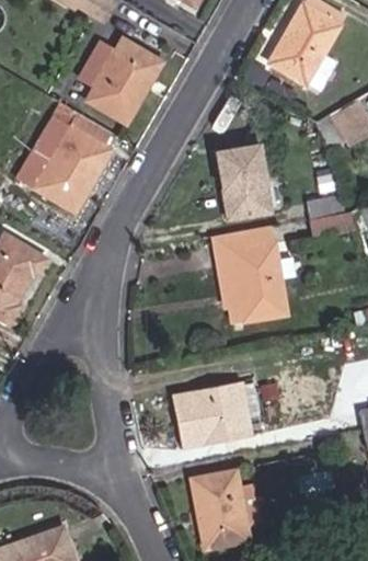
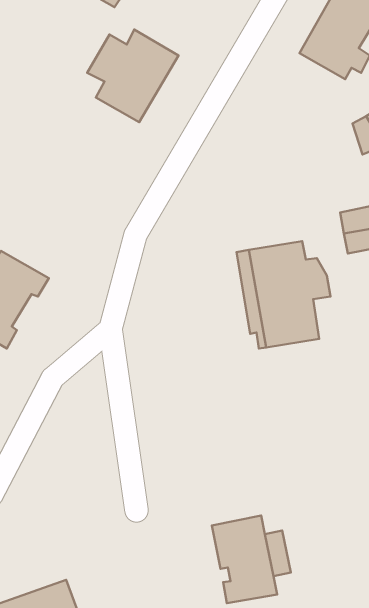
building: [35,116,110,209] -> none
building: [217,145,289,217] -> none
building: [171,381,261,448] -> none

